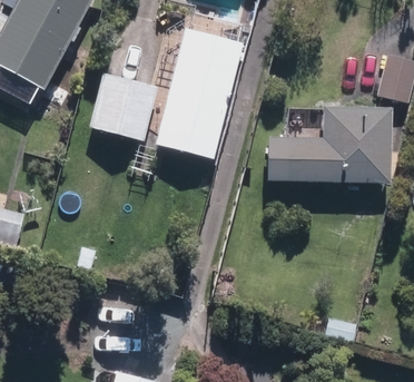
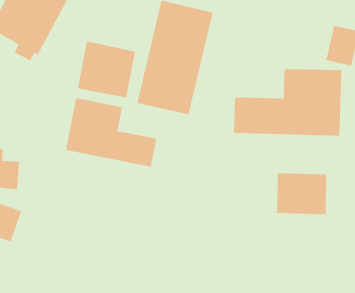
building: none -> [65,97,157,167]
building: none -> [276,172,326,215]

